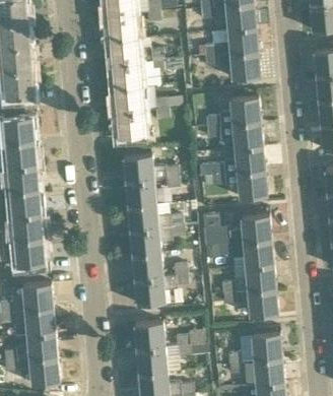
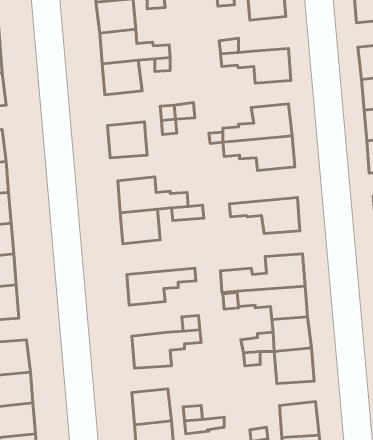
building: [227,26,258,54] -> none
building: [113,85,144,113] -> none
building: [200,145,265,176] -> none
building: [127,203,197,230] -> none
building: [132,252,163,279] -> none

